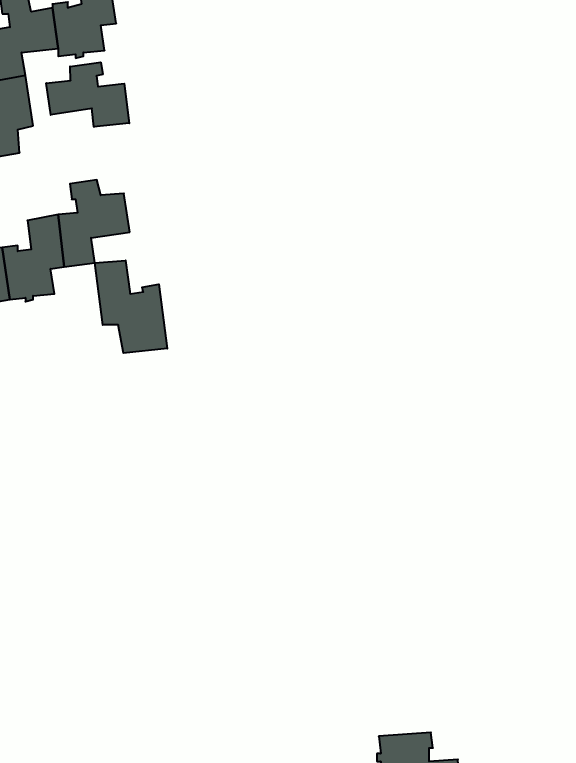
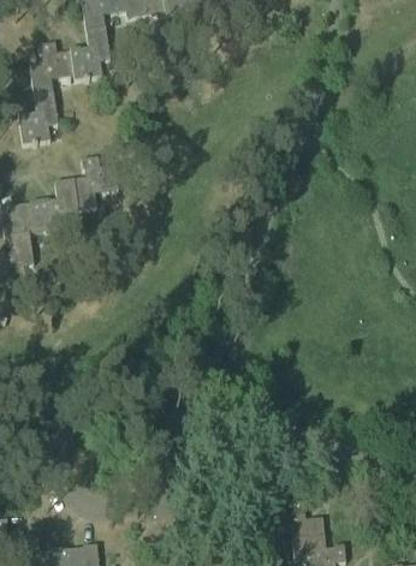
building: [46,62,129,127] -> none
building: [95,260,167,353] -> none

